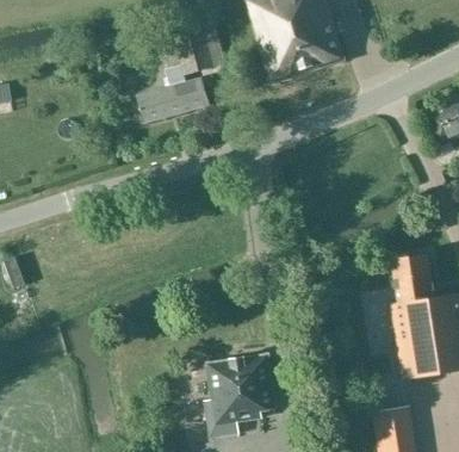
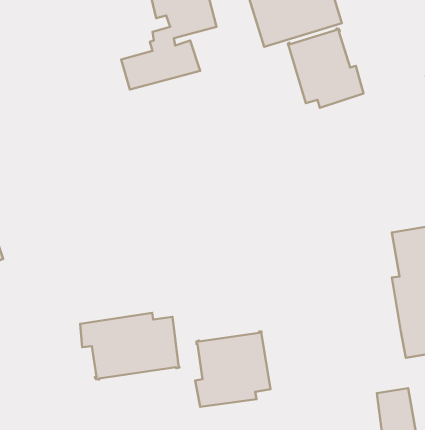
building: none -> [288,28,363,108]
building: none -> [80,313,179,380]

